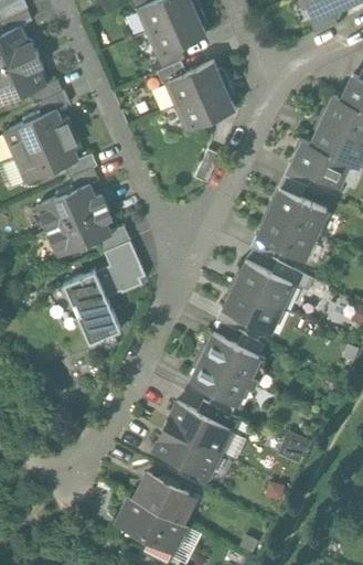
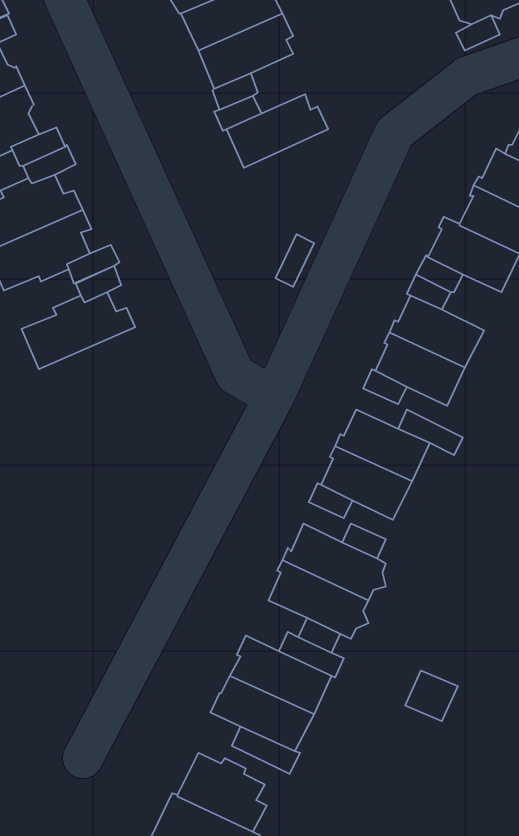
building: [175,84,235,131] -> none
building: [46,209,113,260] -> none
building: [63,243,146,345] -> none

